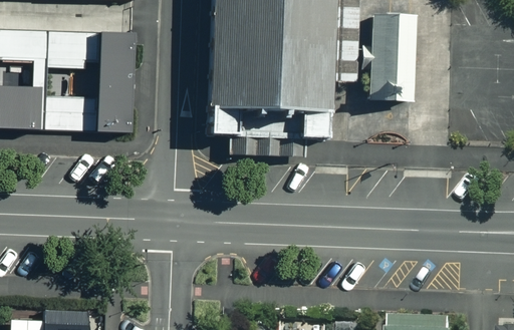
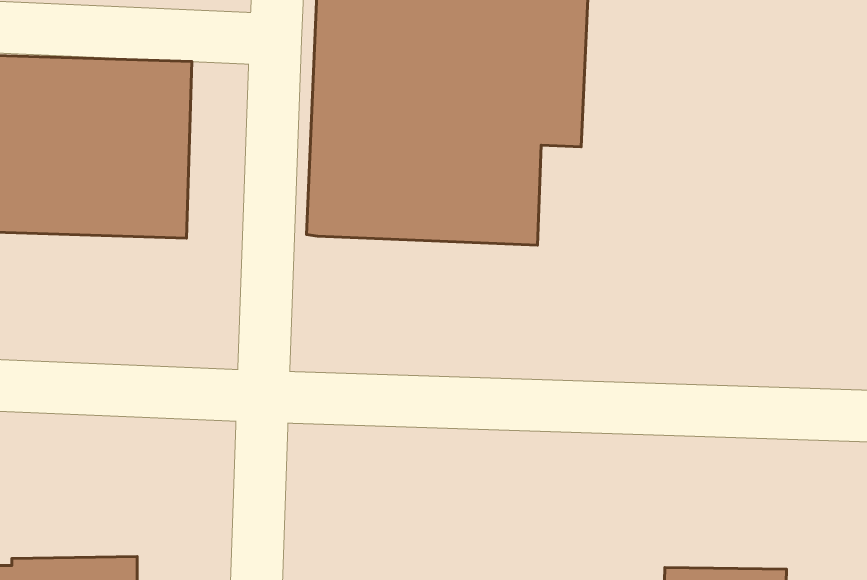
building: [355,9,413,98] -> none

